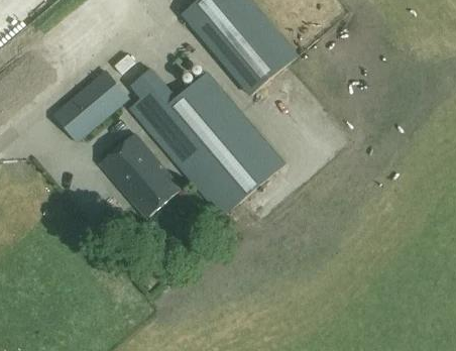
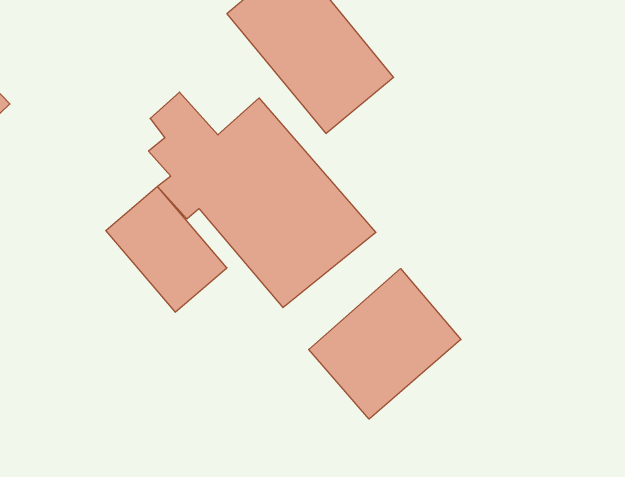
building: [54,71,129,140] -> none
building: none -> [309,269,461,419]

